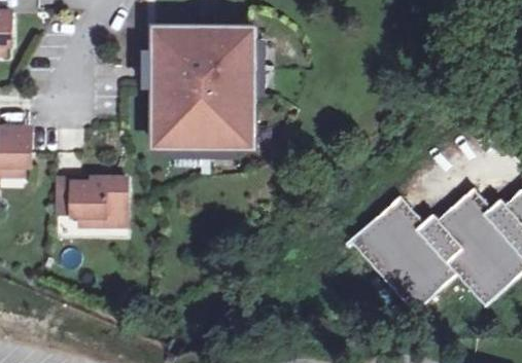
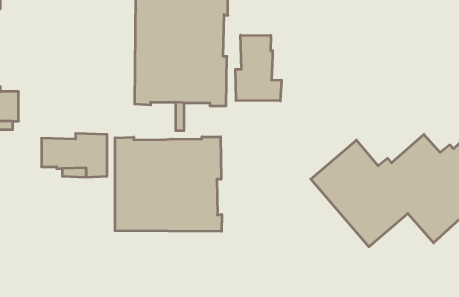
building: none -> [235,35,281,101]
building: none -> [115,137,222,231]

